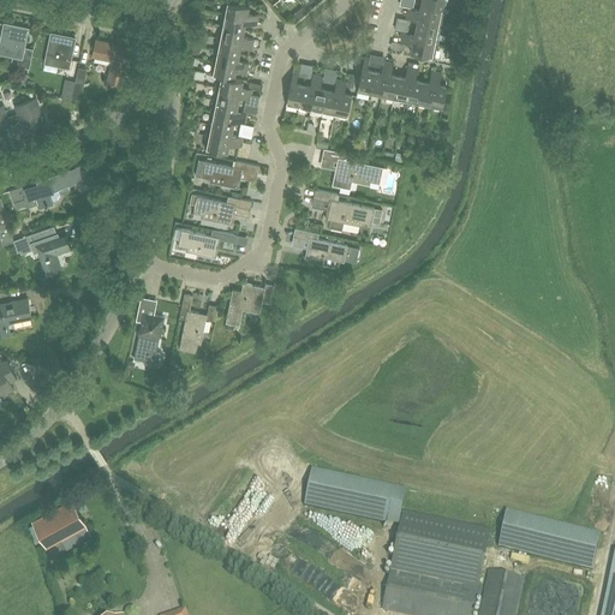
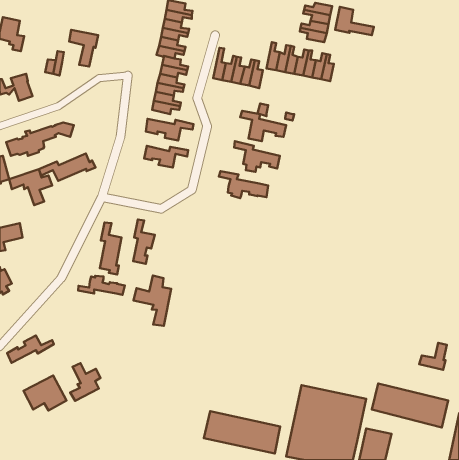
building: none -> [335,7,374,35]
building: [44,32,73,67] -> none
building: none -> [39,154,96,181]
building: [177,228,235,257] -> none
building: [225,282,273,324] -> none
building: none -> [134,276,171,326]
building: none -> [78,276,125,295]
building: none -> [7,336,54,363]
building: none -> [419,343,447,370]
building: [303,470,405,526] -> [204,411,280,454]
building: none -> [70,363,100,401]

